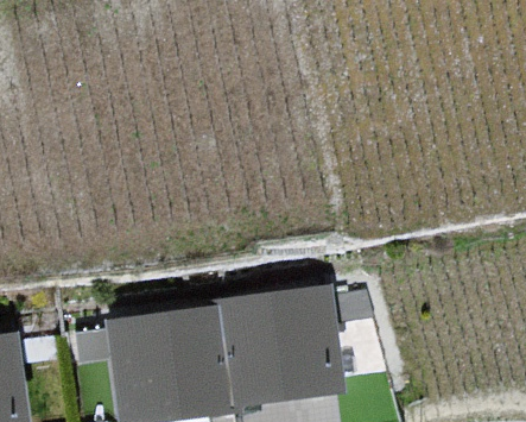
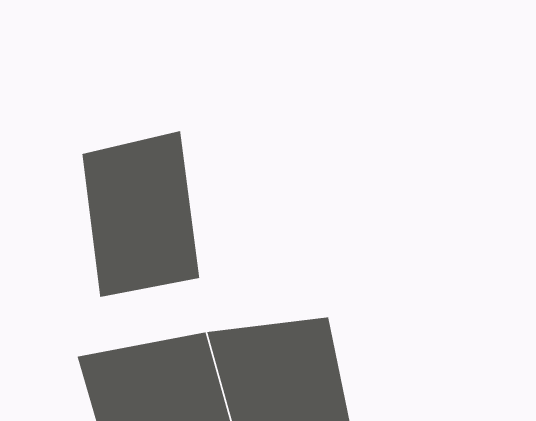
building: none -> [82,130,200,298]

